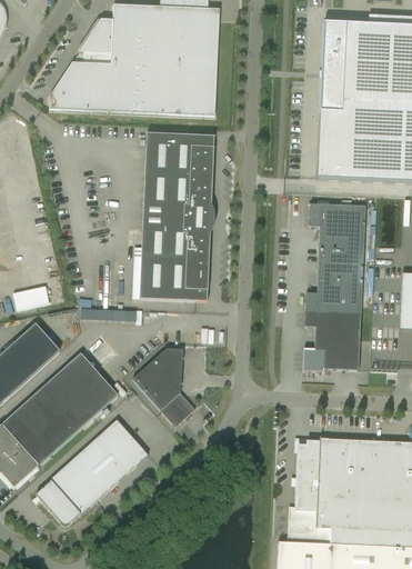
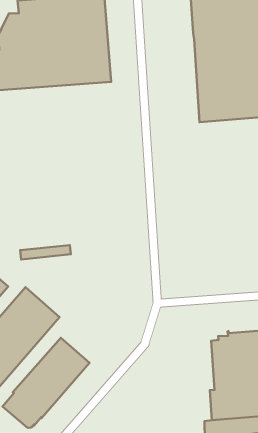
building: [140,132,214,308] -> none
building: [303,202,366,370] -> none
building: [132,347,195,426] -> none

